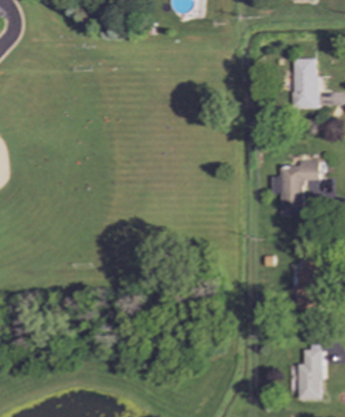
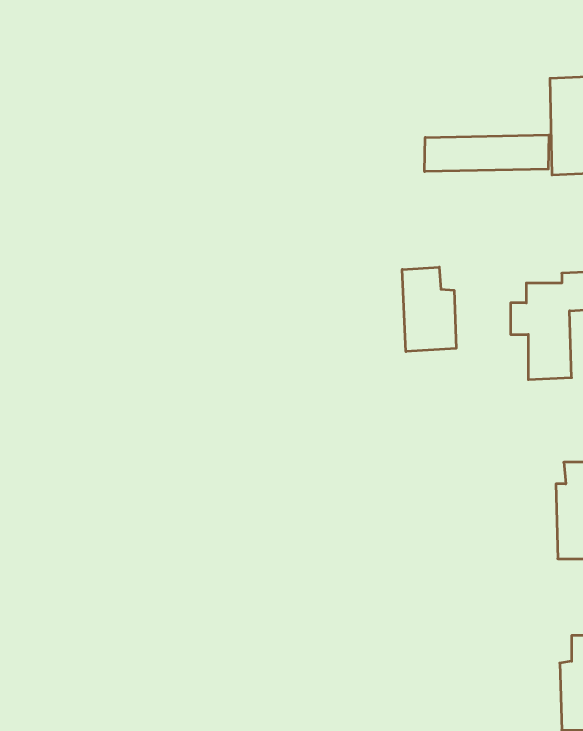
building: none -> [425,135,549,172]
building: none -> [402,267,456,352]

